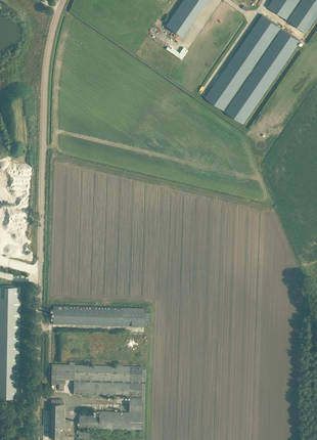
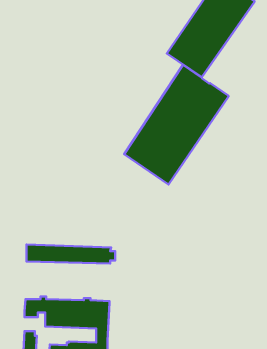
building: none -> [124,65,229,185]

